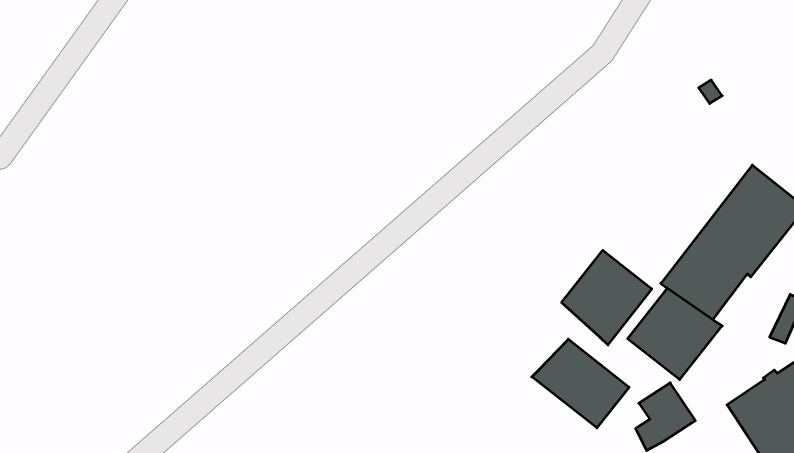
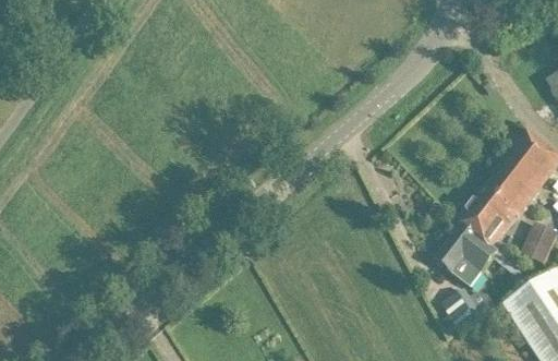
building: [562,250,652,345] -> none
building: [532,339,629,428] -> none

